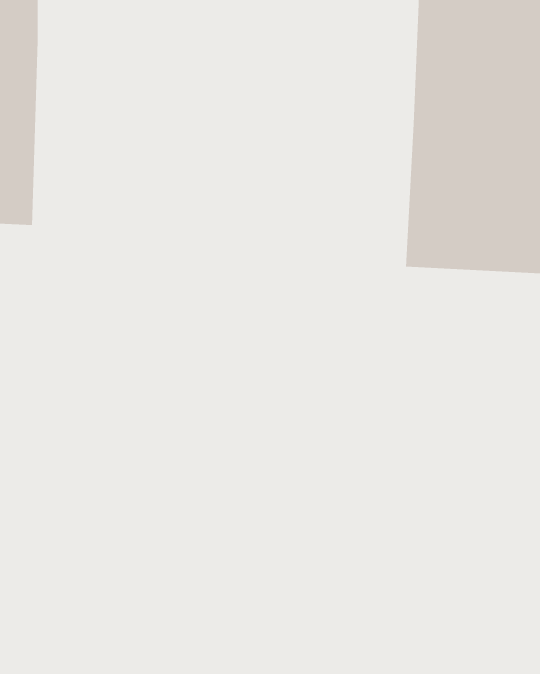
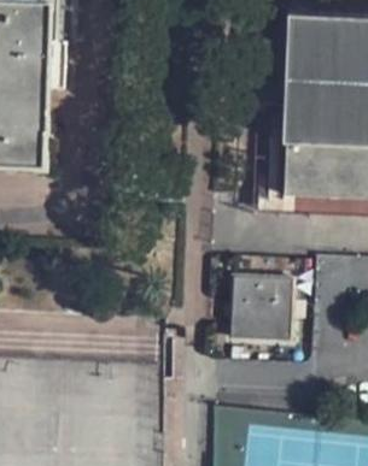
building: none -> [228,267,291,334]

